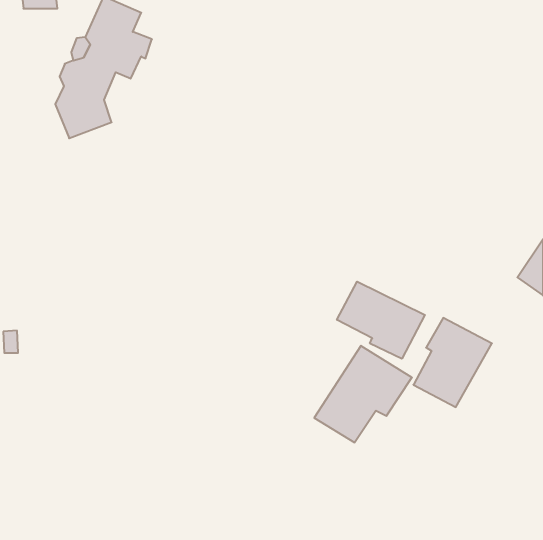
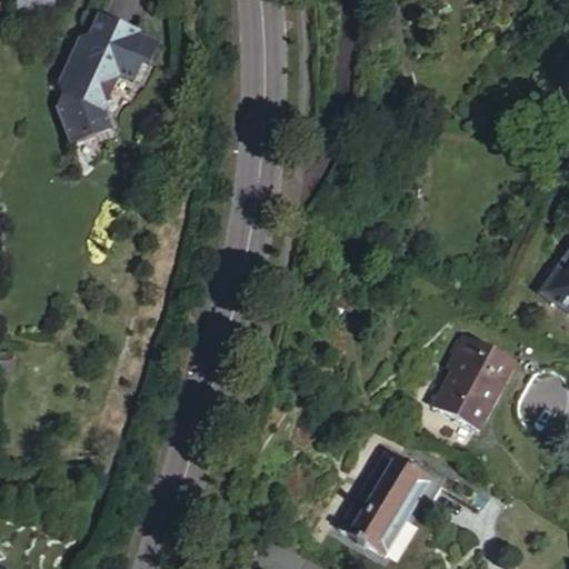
building: [337,282,425,359] -> none
building: [314,346,412,442] -> [338,451,440,552]

